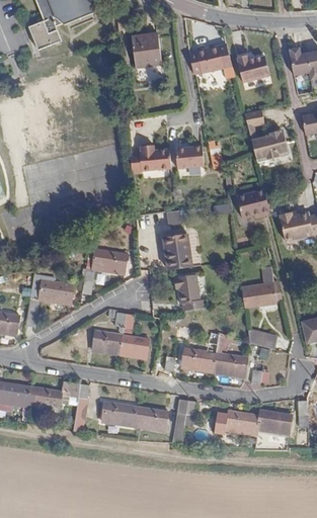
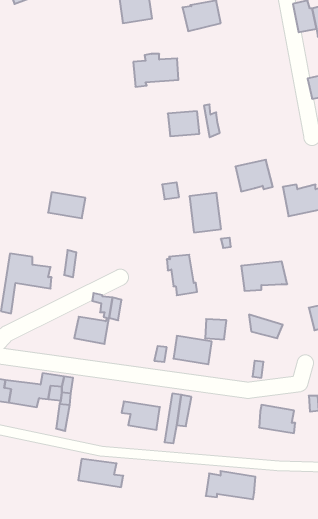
building: [237,55,269,82] -> none
building: [244,109,289,162] -> none
building: [130,145,170,174] -> [133,54,178,87]
building: [163,234,191,269] -> [189,193,221,232]
building: [93,251,127,274] -> [48,192,85,218]
building: [118,335,149,358] -> none
building: [212,352,247,376] -> none
building: [101,402,142,427] -> [78,459,123,487]
building: [214,410,258,435] -> [206,471,255,499]

